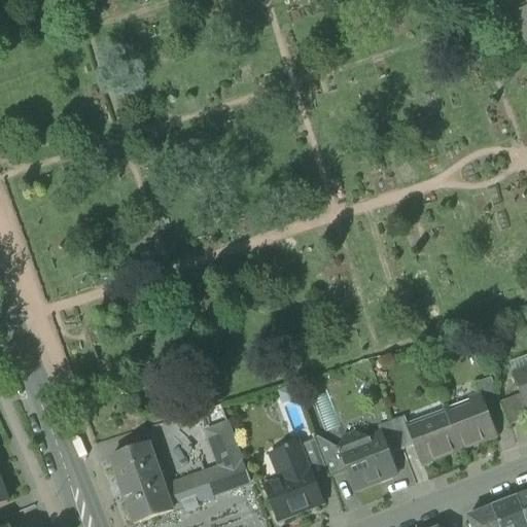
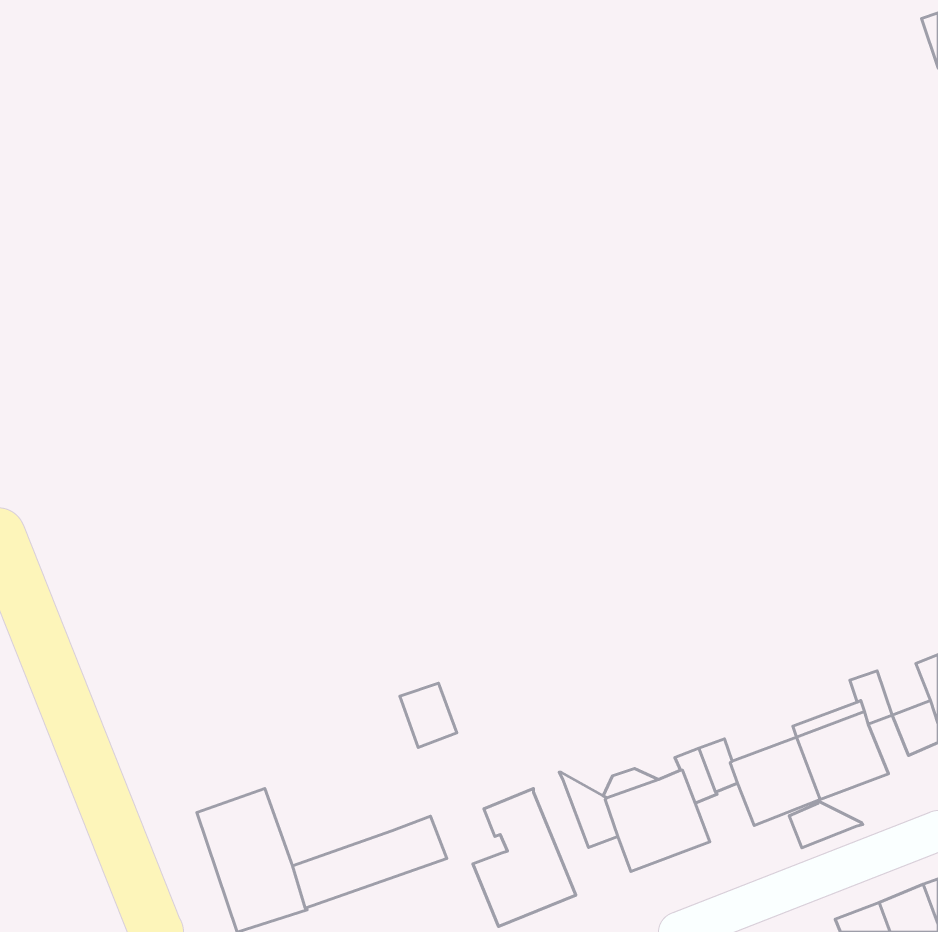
building: [209,429,241,465] -> [400,683,457,748]
building: [298,436,329,481] -> none
building: none -> [789,801,863,848]

